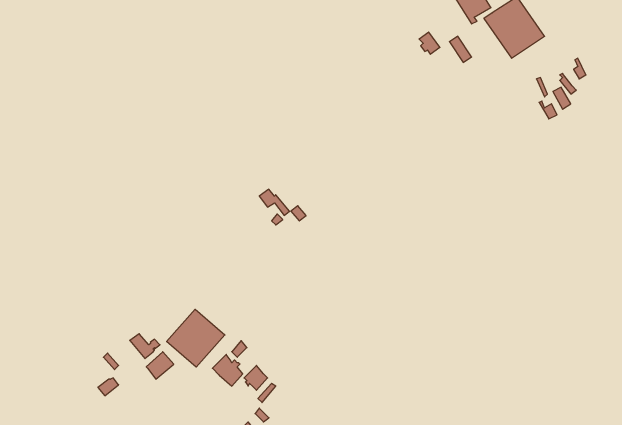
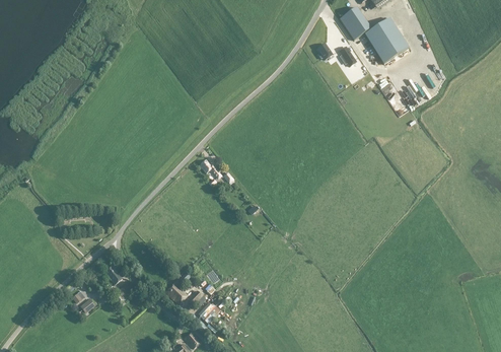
building: [167,309,225,367] -> none

